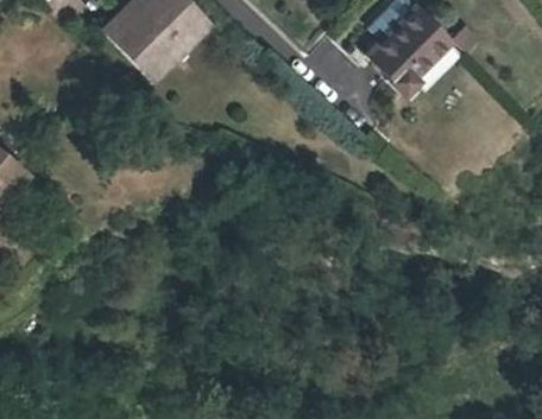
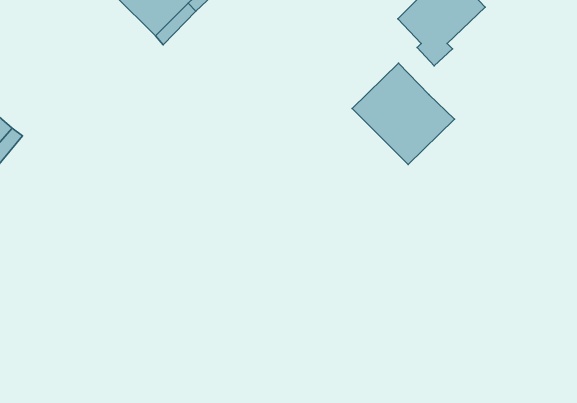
building: none -> [352,63,454,164]

